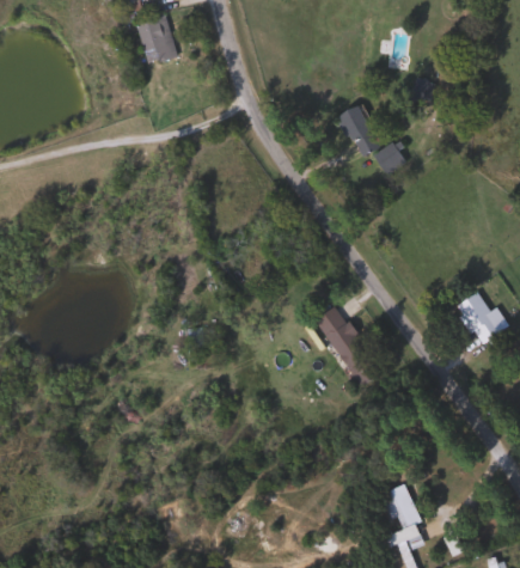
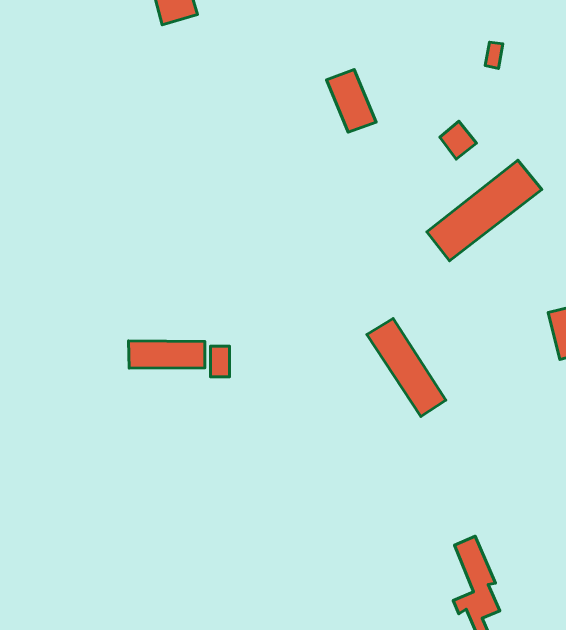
building: [338,104,379,155] -> [326,69,376,132]
building: none -> [427,160,542,261]
building: none -> [128,341,205,368]

